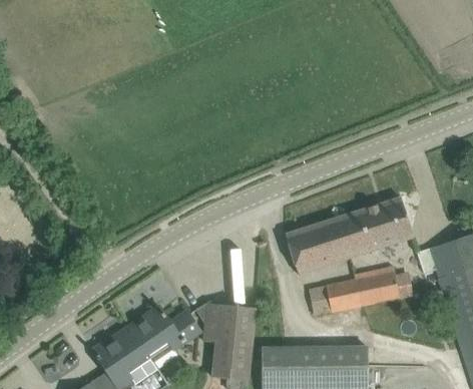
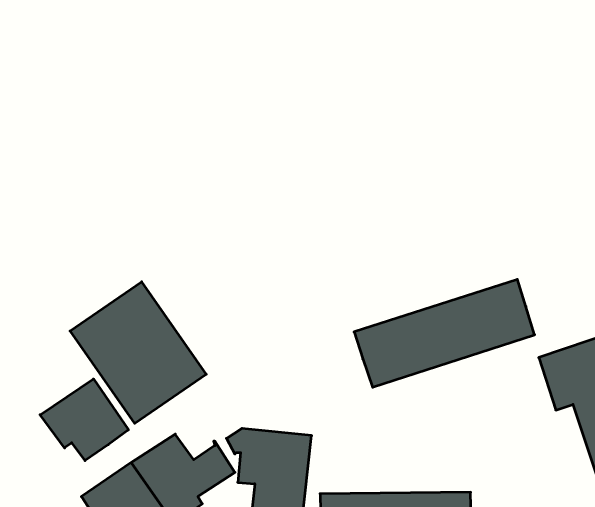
building: none -> [70,282,206,423]
building: [326,266,413,313] -> none
building: none -> [40,379,128,461]

